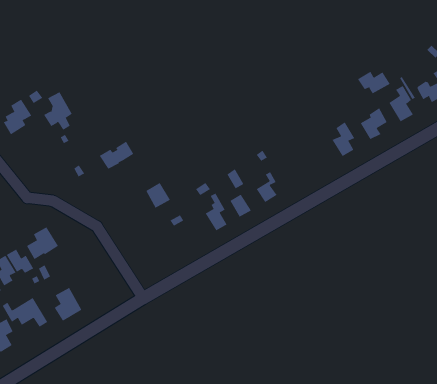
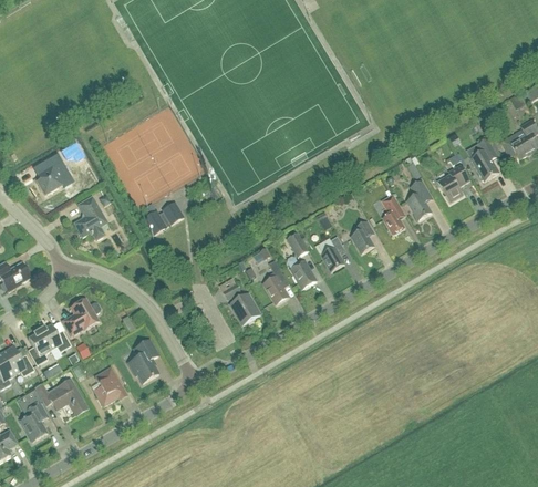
building: [357,71,390,94] -> none
building: [43,91,73,131] -> [72,196,105,240]
building: none -> [380,193,404,235]
building: none -> [350,220,373,253]
building: [145,182,171,209] -> [230,293,259,323]
building: none -> [126,339,157,383]

